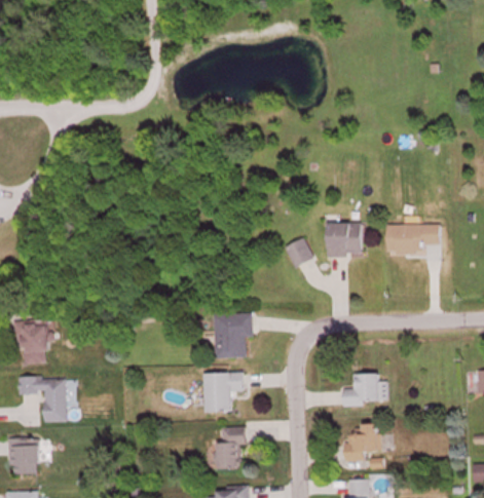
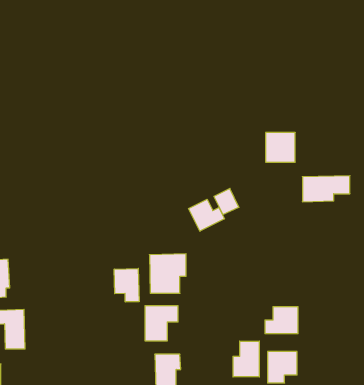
building: [327,222,361,256] -> [266,133,295,162]
building: none -> [189,199,224,231]
building: none -> [114,268,139,302]
building: none -> [233,341,259,377]

